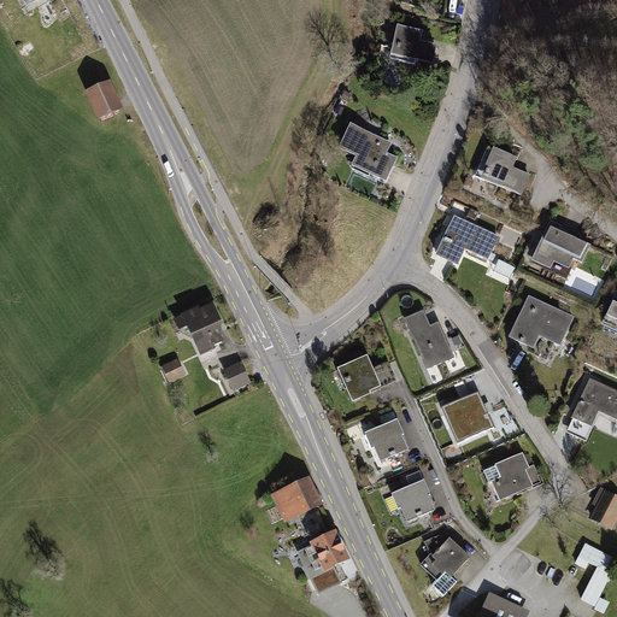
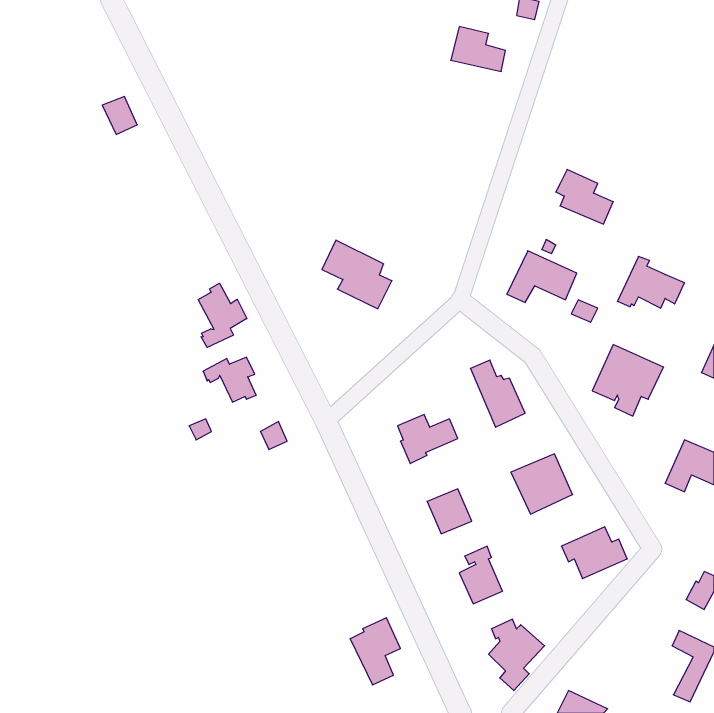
building: [337,121,398,180] -> [322,240,392,309]
building: none -> [198,283,247,347]
building: [274,480,316,518] -> none

